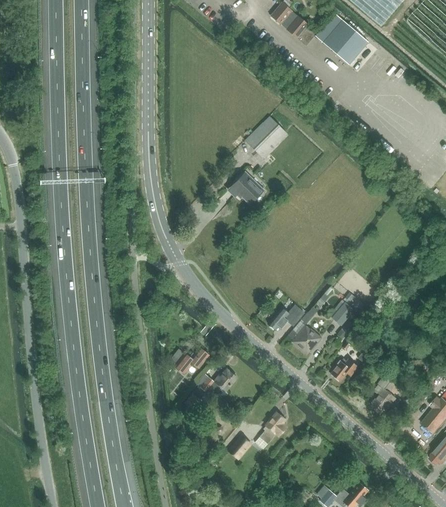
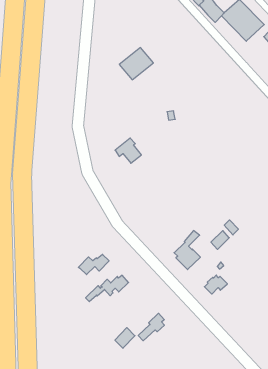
building: [245,116,287,157] -> [119,48,153,80]
building: [228,172,261,203] -> [115,138,141,163]
building: [268,304,304,329] -> none
building: [372,376,394,411] -> none

